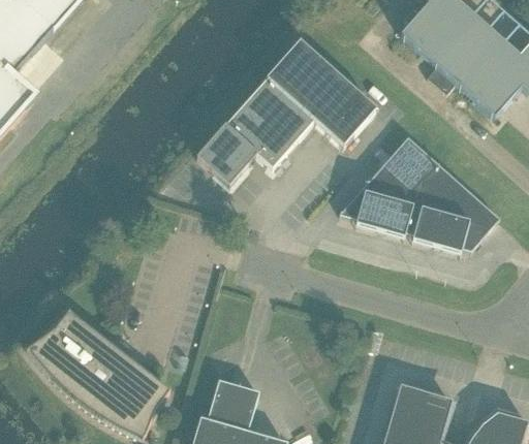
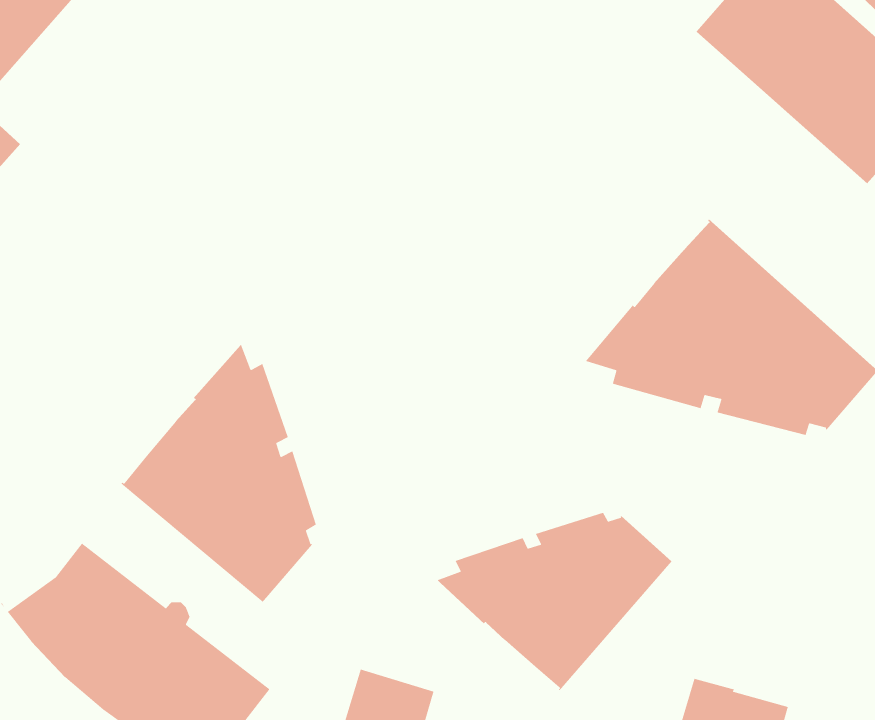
building: [195,41,376,186] -> none
building: none -> [120,342,317,603]
building: none -> [435,512,673,691]

